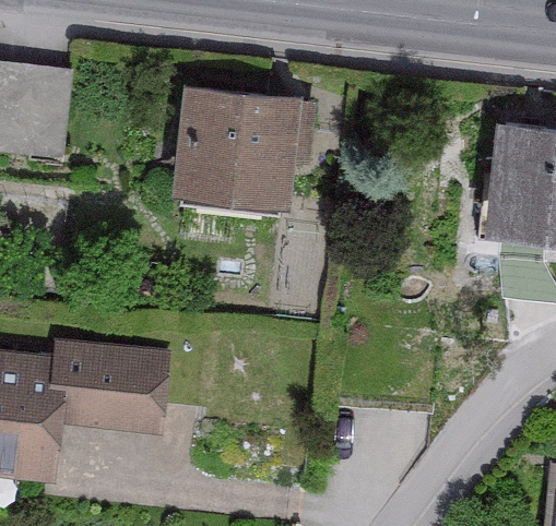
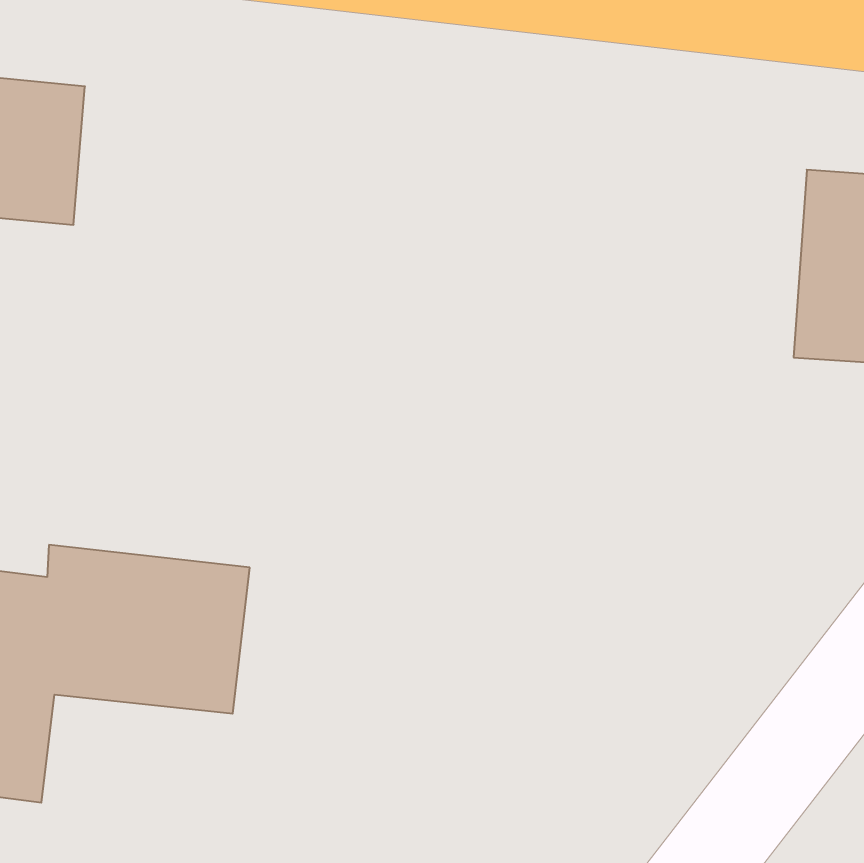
building: [169,88,319,201] -> none

